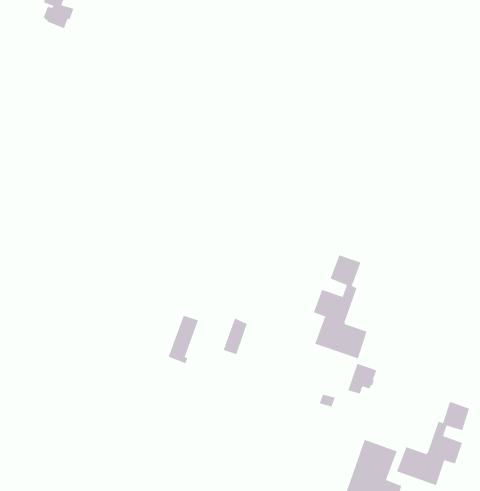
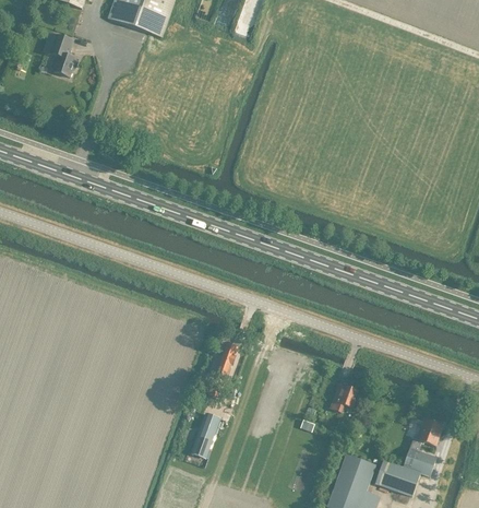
building: [313,255,367,359] -> none
building: [168,315,199,364] -> [191,413,219,458]

